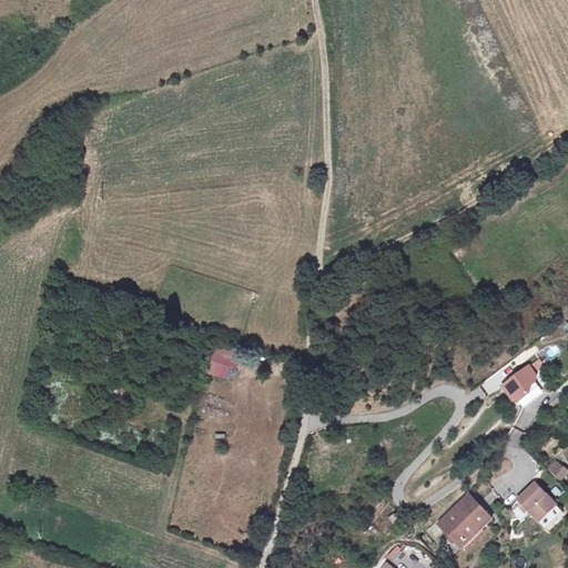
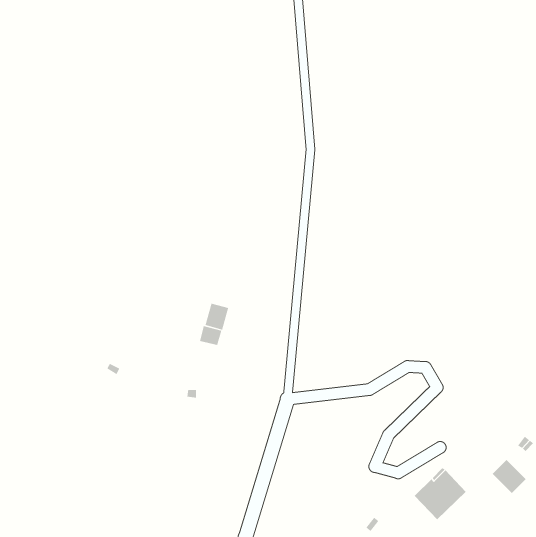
building: none -> [205,303,229,330]
building: [501,366,535,400] -> none

